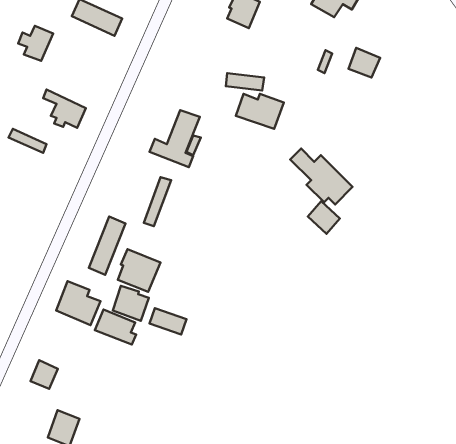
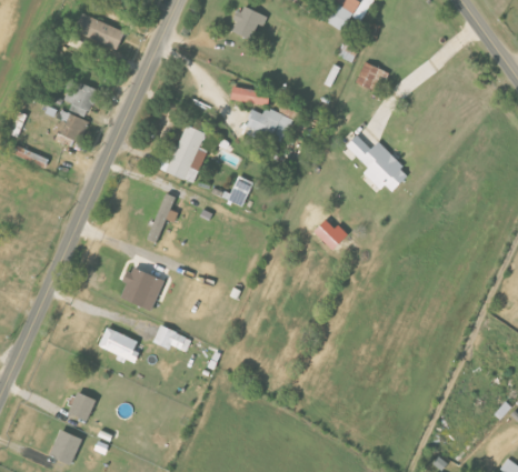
building: [18,26,53,61] -> [63,82,99,118]
building: [290,149,353,204] -> [347,135,410,192]
building: none -> [228,177,252,207]
building: [89,217,126,275] -> none
building: [56,281,100,325] -> none
building: [113,286,149,321] -> none
building: [31,360,58,389] -> [69,392,97,421]

